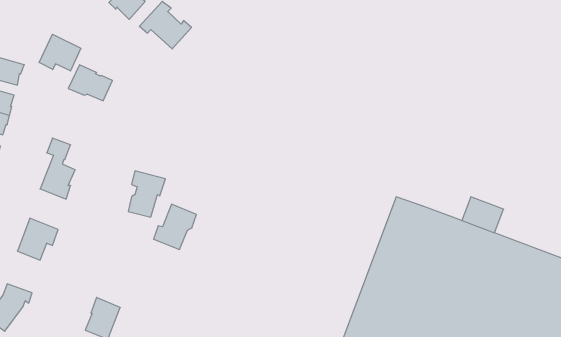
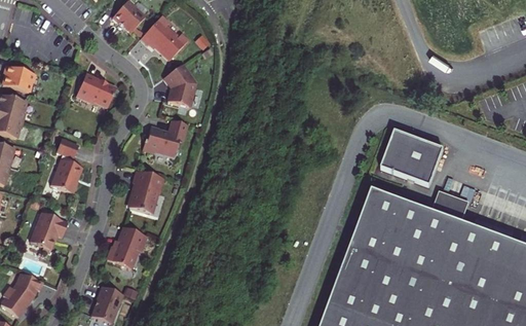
building: [39,34,81,71] -> none
building: none -> [163,64,195,106]
building: none -> [142,119,187,154]
building: none -> [382,133,445,187]
building: [154,204,196,249] -> [107,226,146,267]

